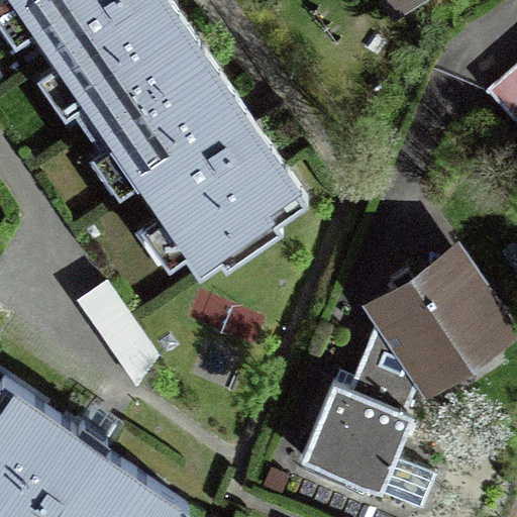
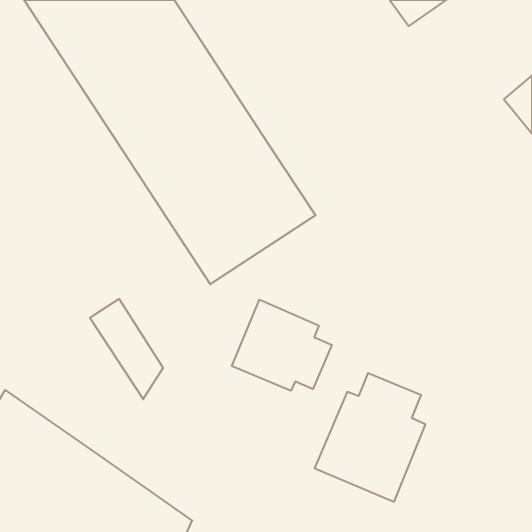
building: [355,252,506,384] -> none
building: none -> [232,300,332,391]

